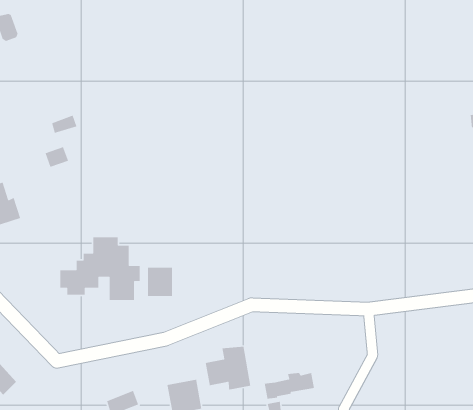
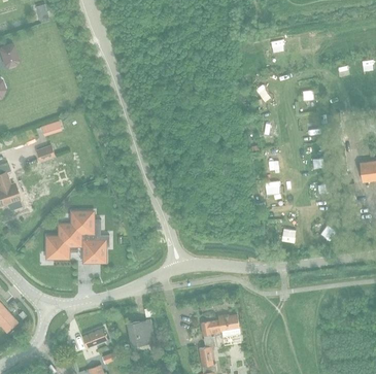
building: [147,267,173,297] -> none
building: [205,346,251,390] -> none

